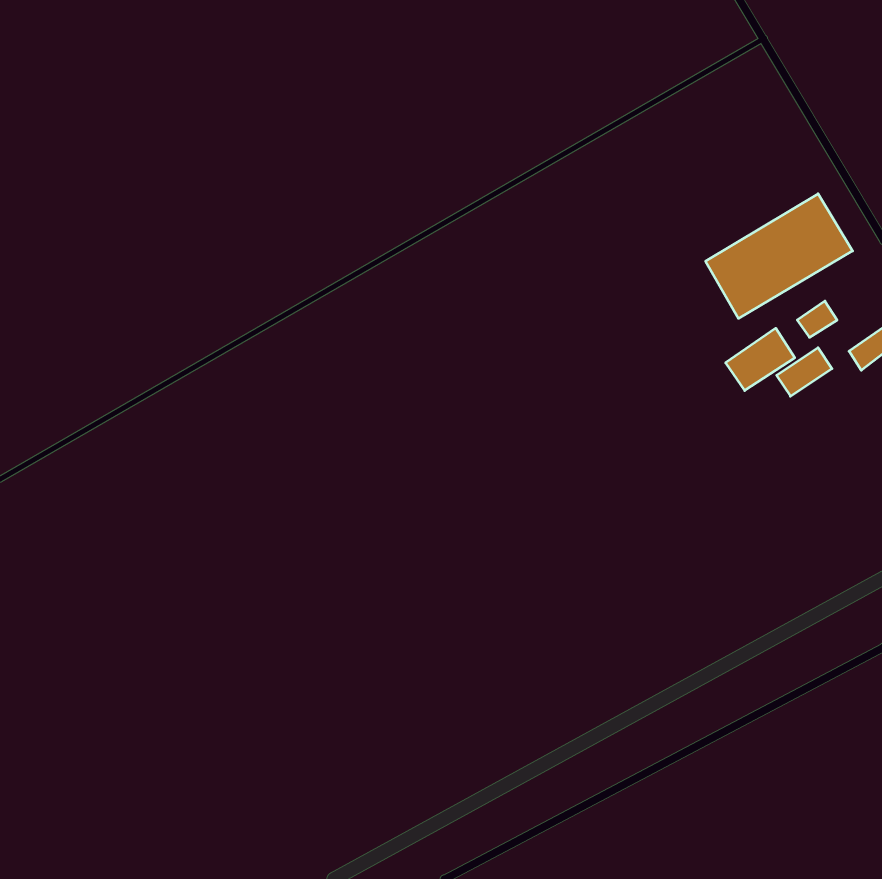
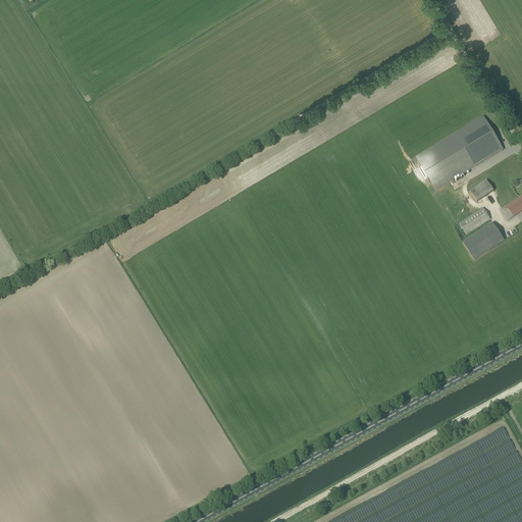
building: [726,328,795,391] -> [464,220,505,257]

